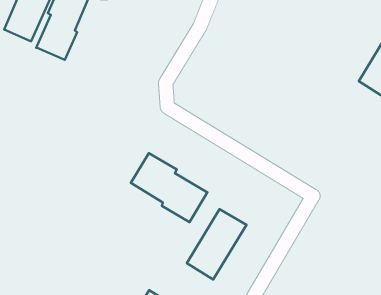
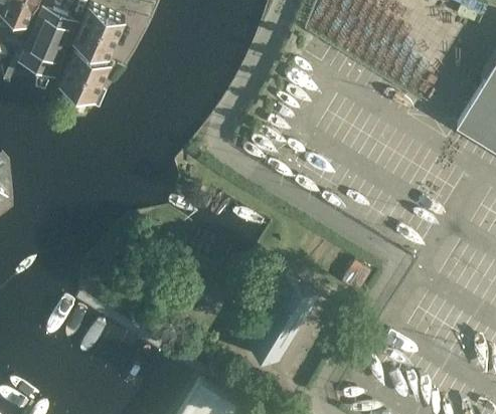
building: [131,153,208,222] -> none

